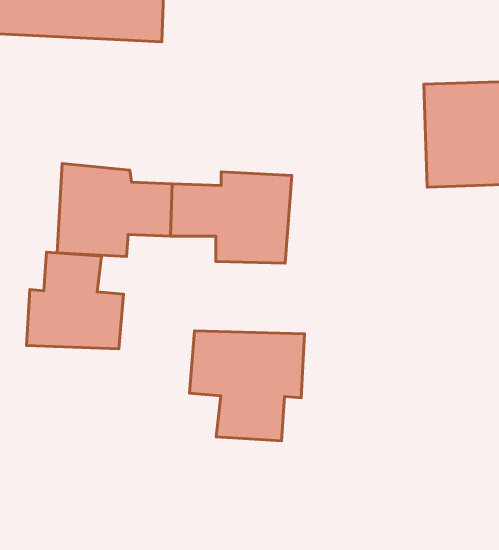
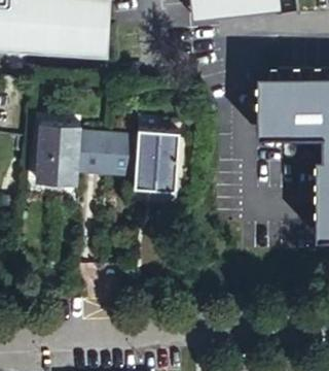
building: [26,252,124,349] -> none
building: [189,331,304,441] -> none

